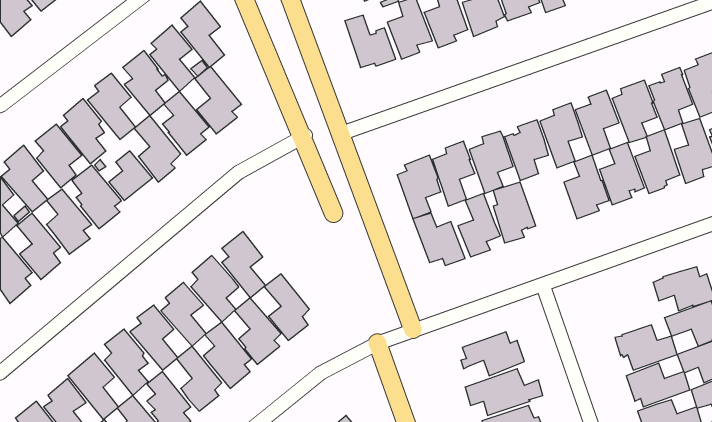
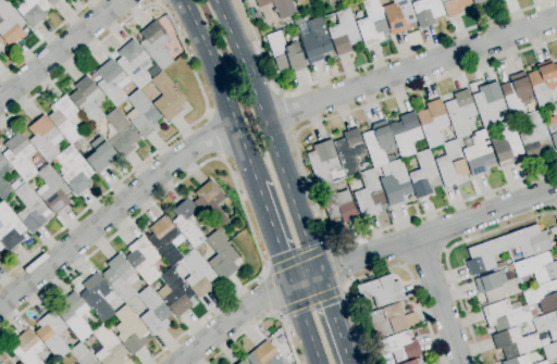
building: none -> [410,148,443,198]
building: none -> [195,178,230,229]
building: none -> [467,236,509,275]

